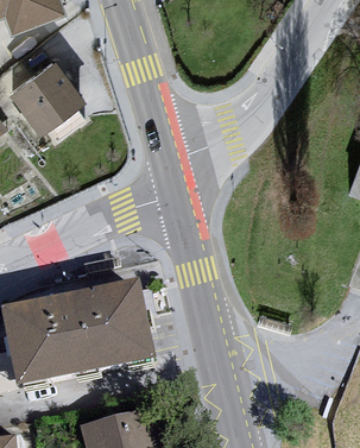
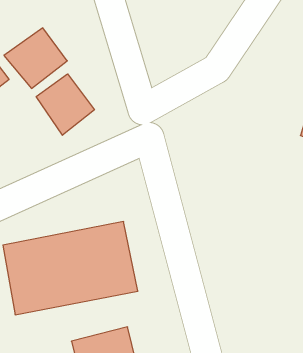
building: none -> [36,74,94,135]

